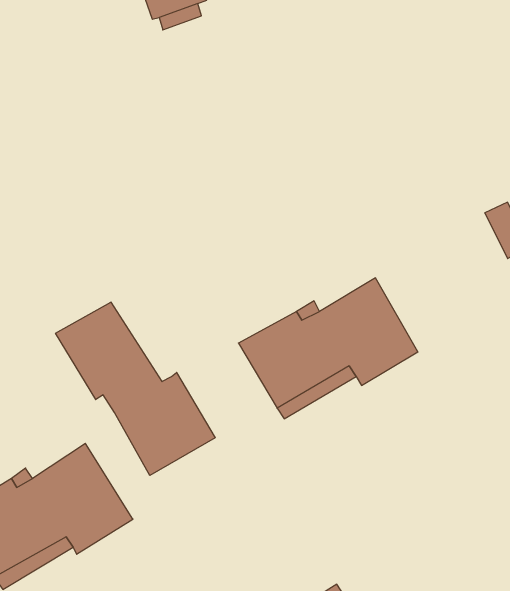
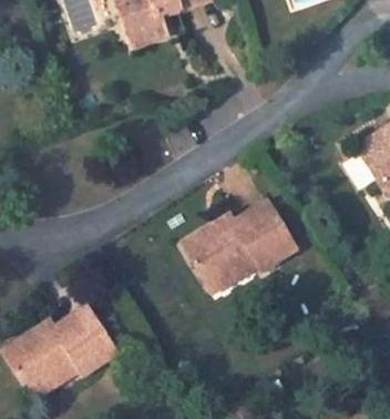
building: [56,302,215,475] -> none

